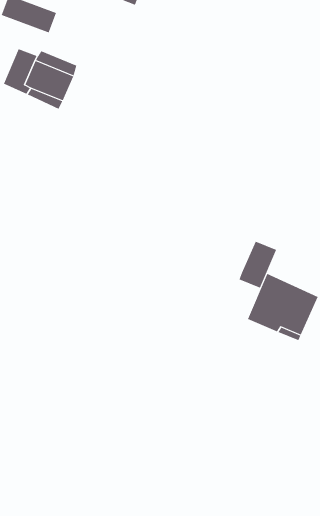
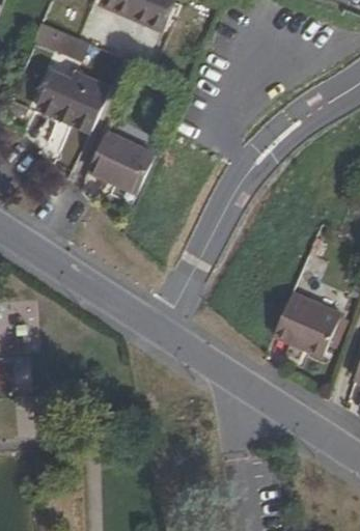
building: none -> [89,132,157,193]
building: [239,241,277,289] -> none

